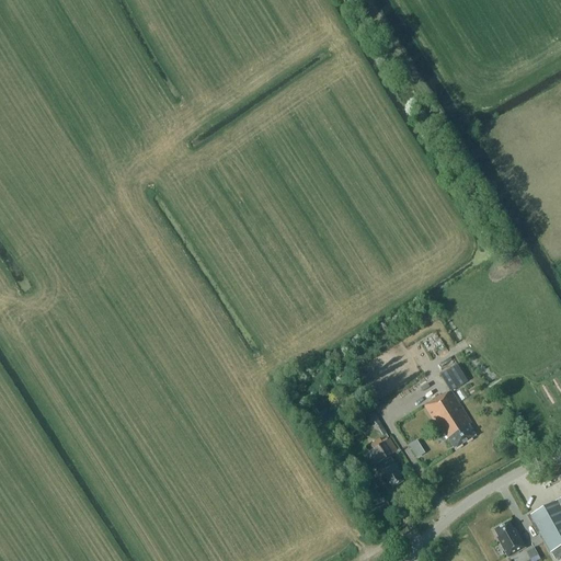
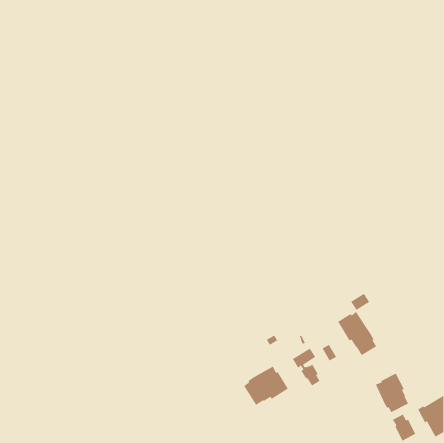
building: none -> [243,365,289,406]
building: none -> [375,372,409,413]

